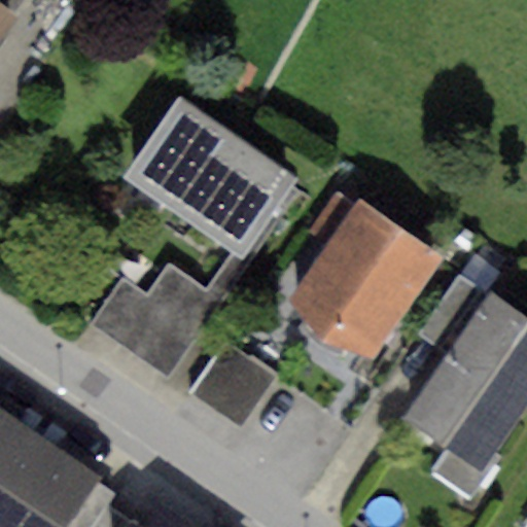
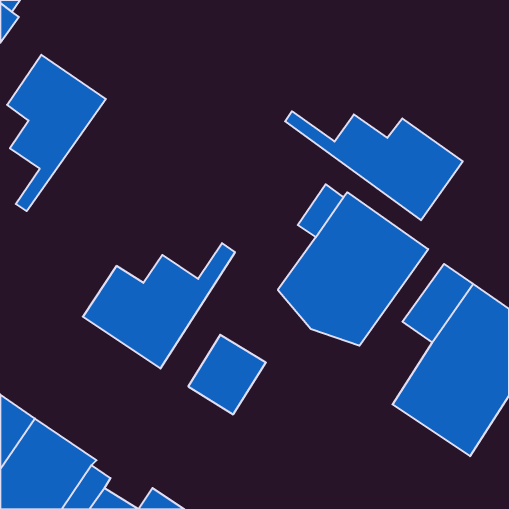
building: none -> [7,55,106,211]
building: [122,96,298,260] -> none
building: none -> [285,111,463,220]

